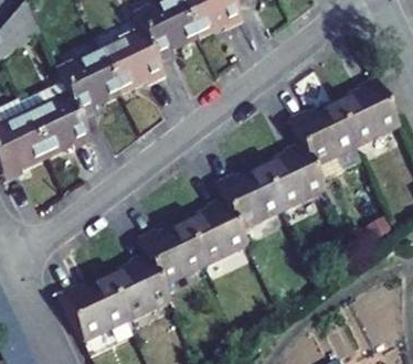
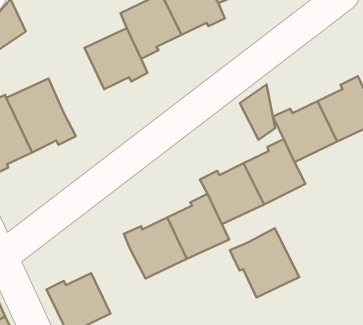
building: [57,51,119,117] -> none
building: none -> [240,85,275,140]
building: none -> [230,228,299,297]
building: [106,255,168,320] -> none

